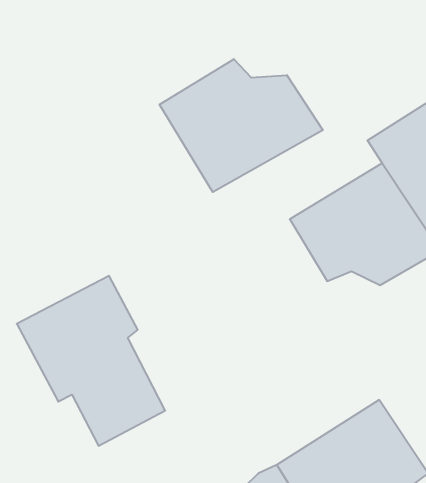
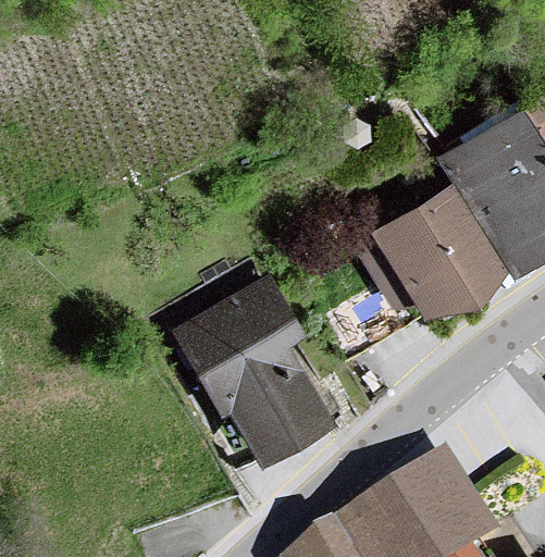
building: [160,59,323,192] -> none
building: [17,276,165,446] -> [173,276,337,465]

